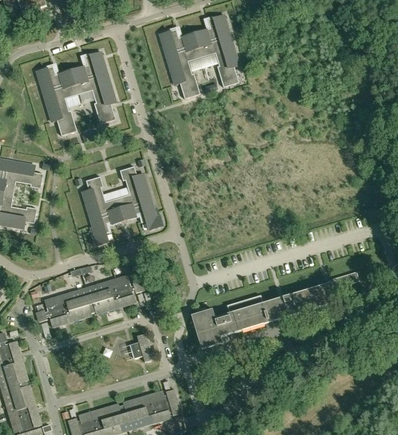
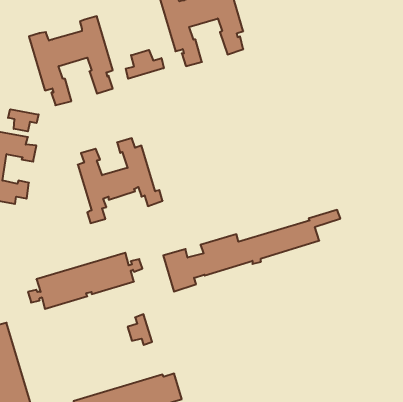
building: none -> [126,50,164,79]
building: none -> [8,109,39,131]
building: [191,271,358,348] -> [163,210,340,292]

